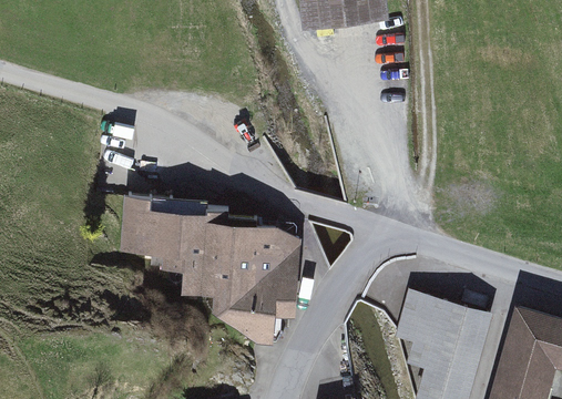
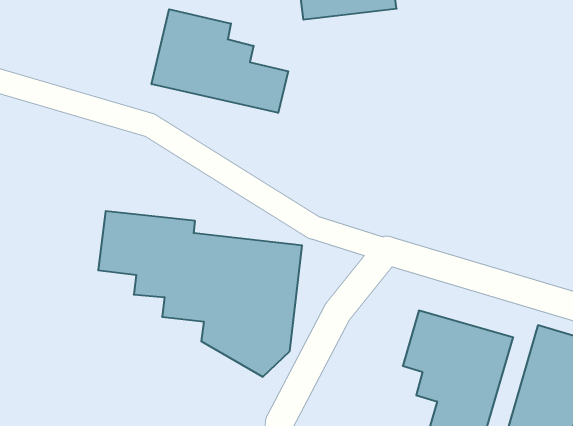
building: none -> [152,9,288,113]

